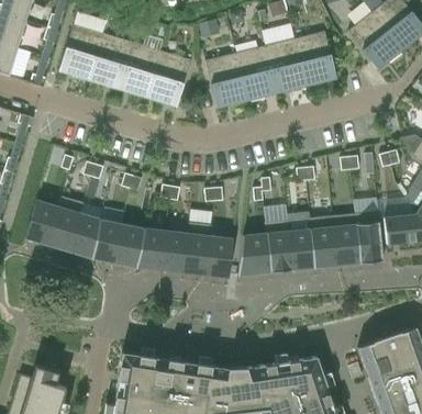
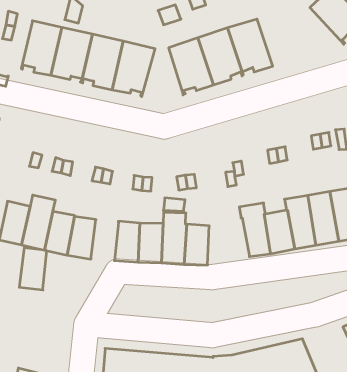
building: [296,32,337,87] -> none
building: [115,225,145,268] -> [19,248,47,290]
building: [238,234,271,276] -> none

